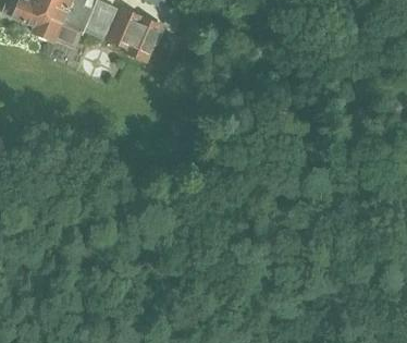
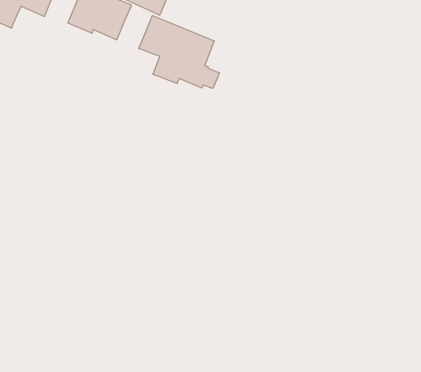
building: none -> [139,16,219,88]

